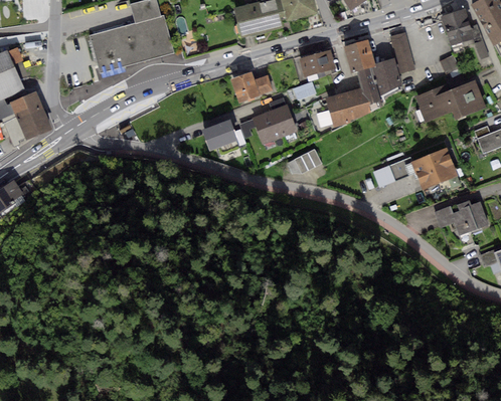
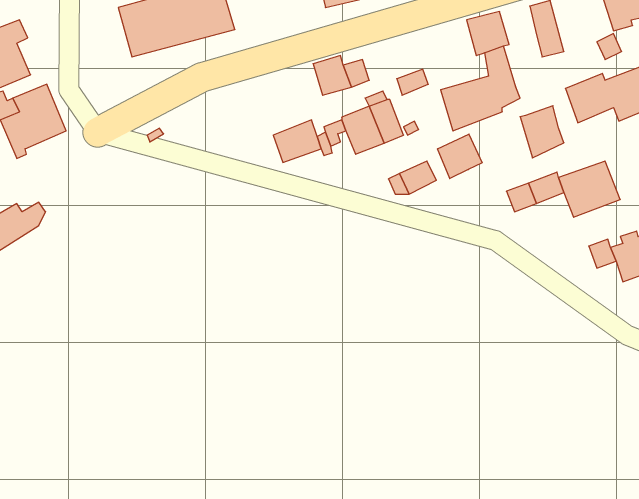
building: [299,49,335,80] -> none
building: [371,56,403,94] -> [520,106,564,158]
building: none -> [438,134,482,179]

